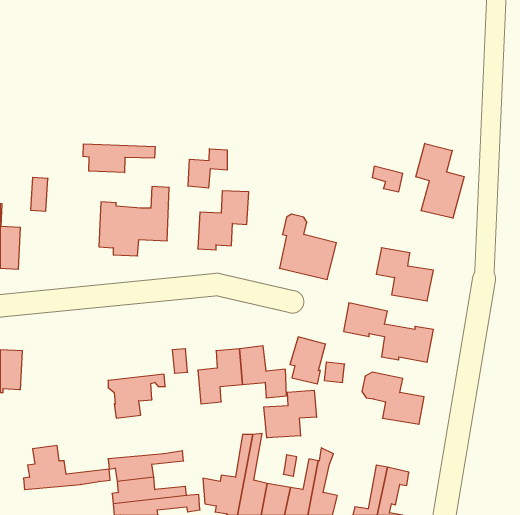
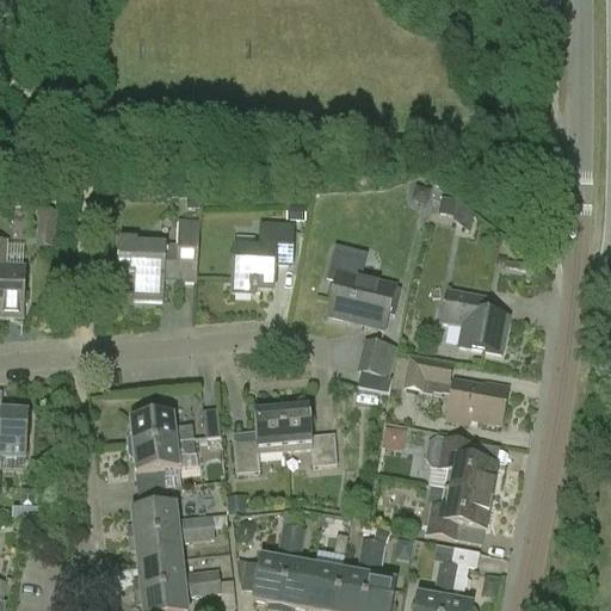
building: [416,143,464,218] -> none
building: [83,144,155,173] -> none
building: [188,149,227,188] -> none
building: [290,337,326,384] -> [356,338,397,393]
building: none -> [126,413,193,445]
building: [264,390,317,438] -> none
building: none -> [426,489,492,538]
building: [23,446,110,490] -> [126,486,228,537]

